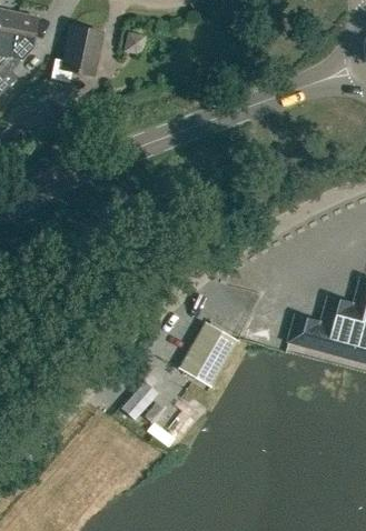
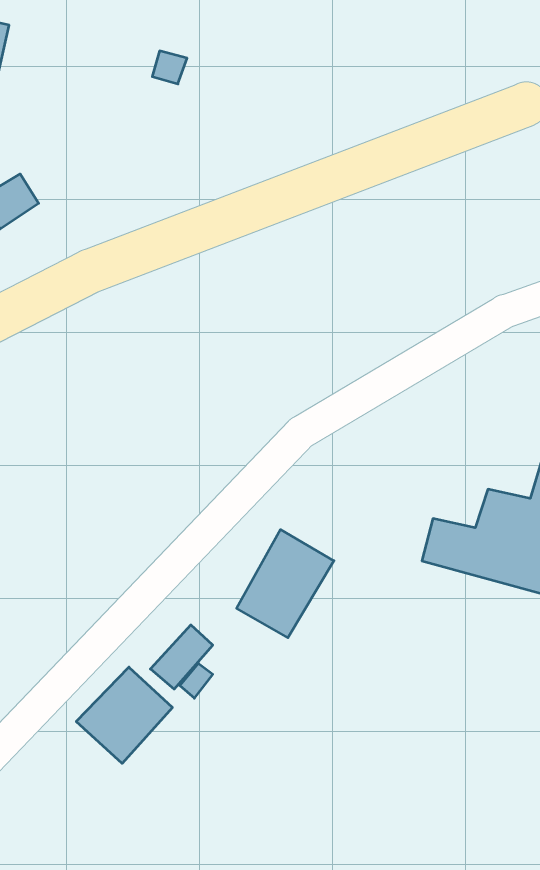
building: [52,26,102,80] -> none
building: none -> [76,667,172,763]

